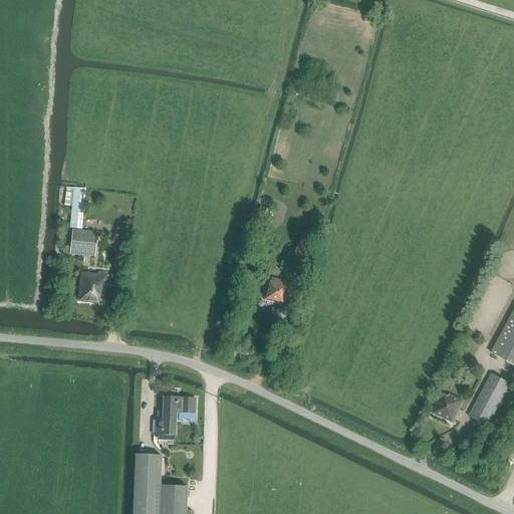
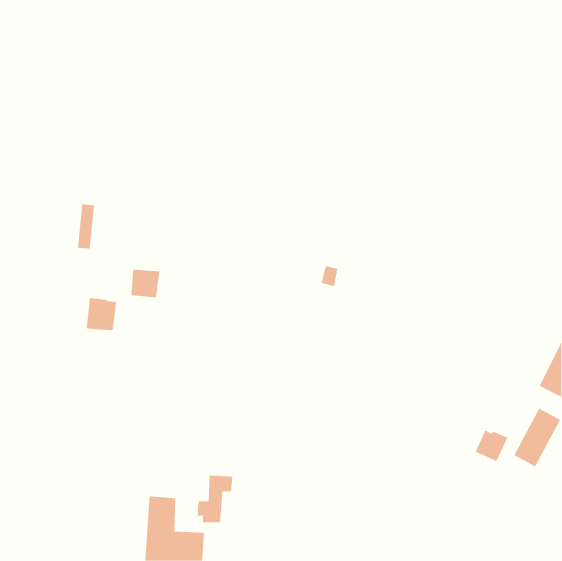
building: [70,228,97,254] -> [130,269,160,298]
building: [263,276,291,302] -> none
building: [152,396,185,439] -> [197,475,233,523]

